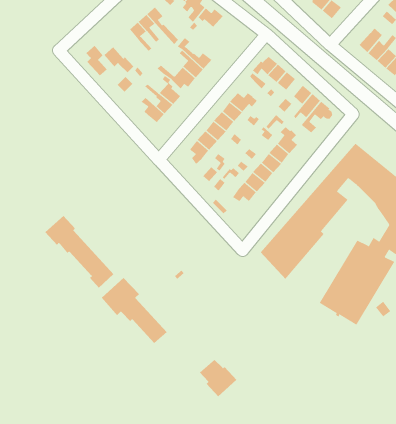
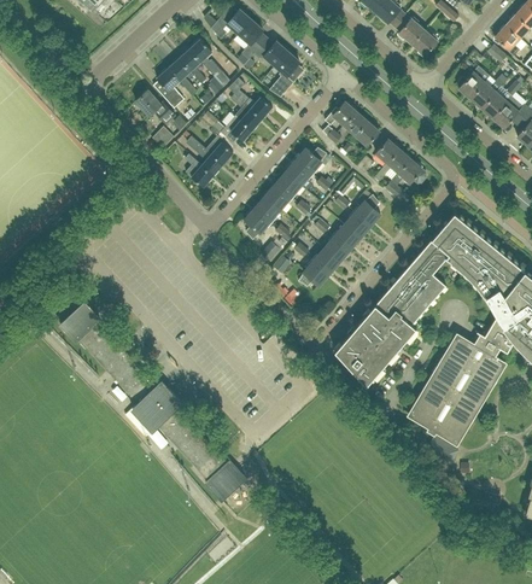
building: none -> [270,52,302,98]
building: [85,45,107,76] -> [156,69,183,109]
building: [199,359,237,397] -> [197,452,245,501]

